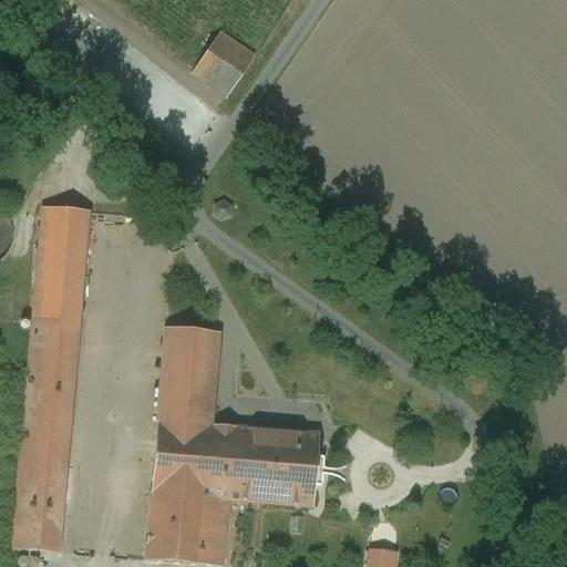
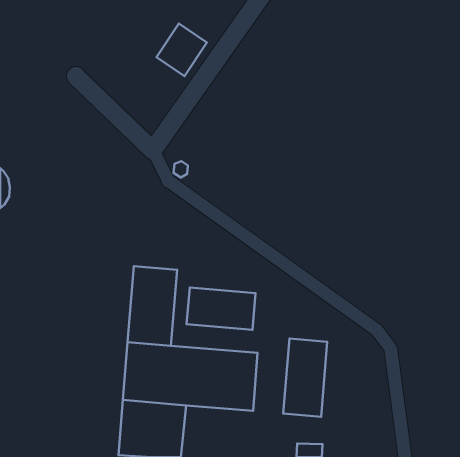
building: [13,205,90,550] -> none
building: none -> [187,288,255,330]
building: none -> [283,339,327,417]

